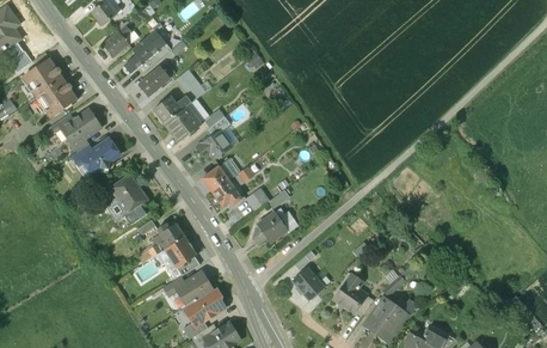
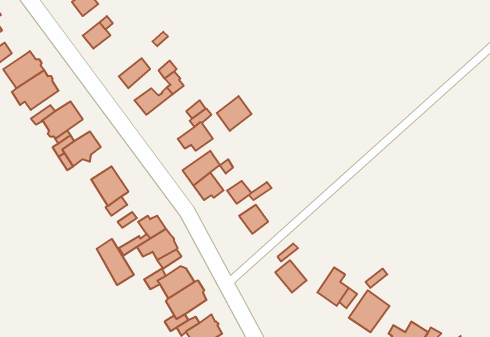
building: [123,22,170,73] -> none
building: [165,105,199,140] -> [217,96,252,131]
building: none -> [97,239,134,285]

